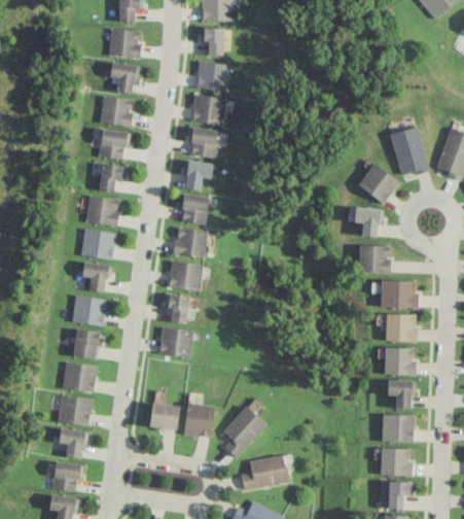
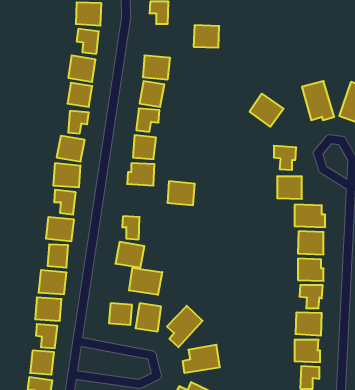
building: [197,62,228,90] -> [194,25,219,48]
building: [357,163,399,204] -> [250,94,284,127]
building: [168,261,202,290] -> [167,181,195,205]
building: none -> [129,268,162,295]

